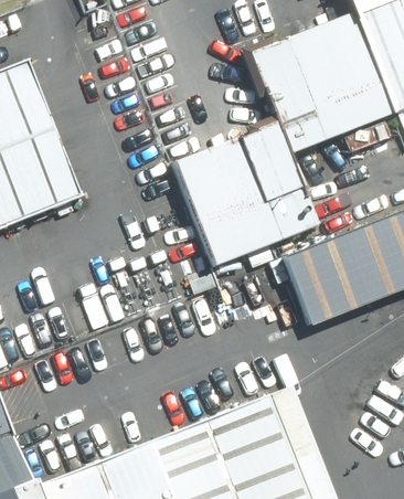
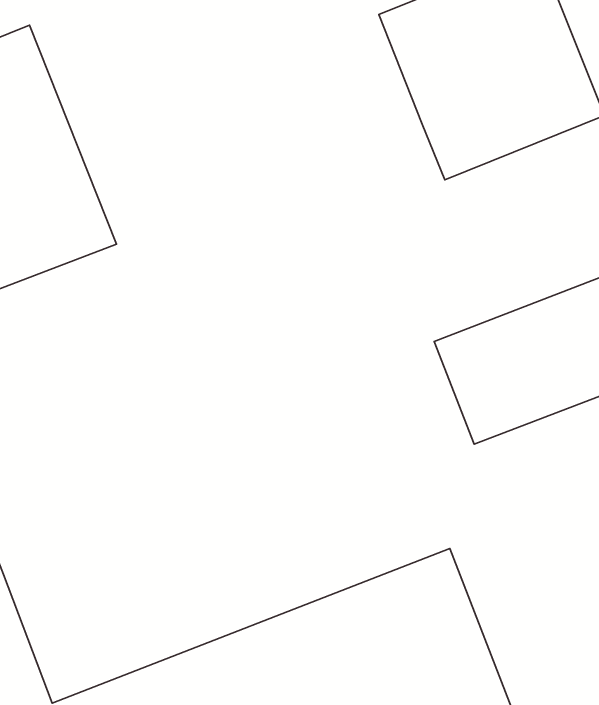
building: [171,120,319,266] -> none

